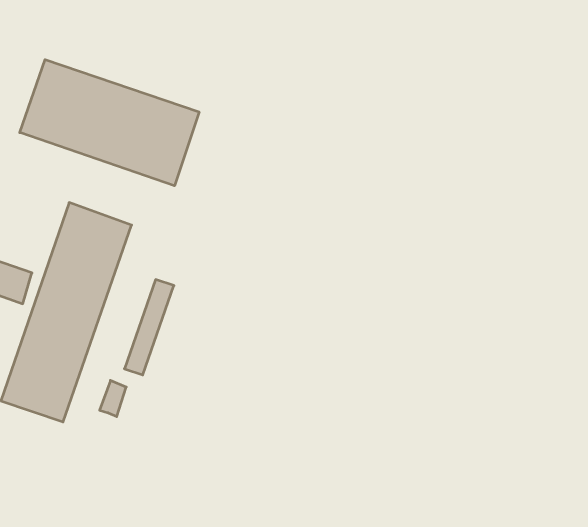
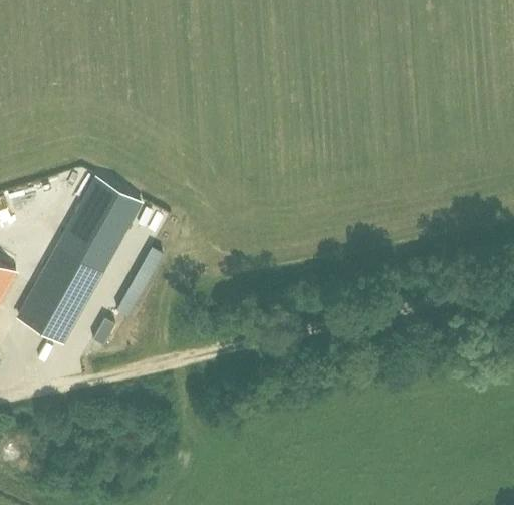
building: [20,60,199,186] -> none

